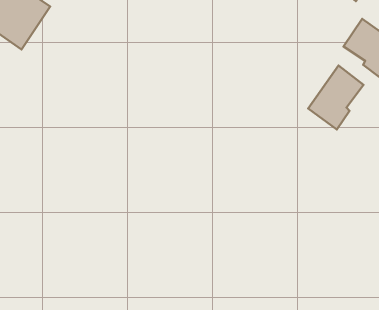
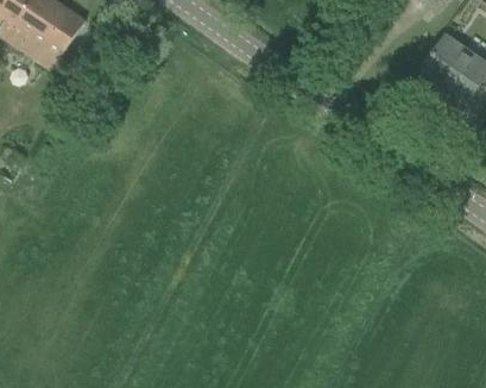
building: [308,66,364,129] -> none

